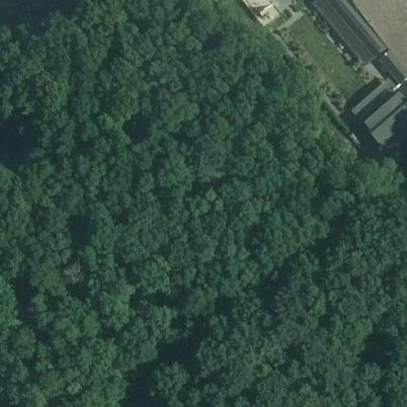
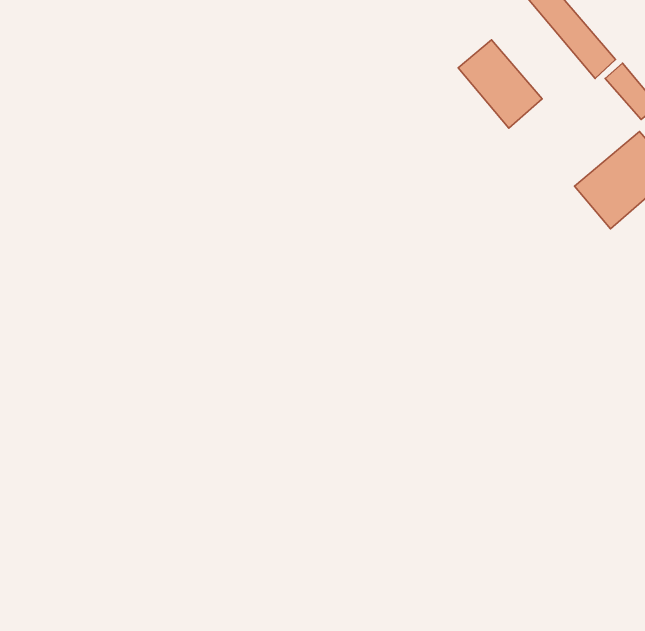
building: none -> [458,40,542,128]

